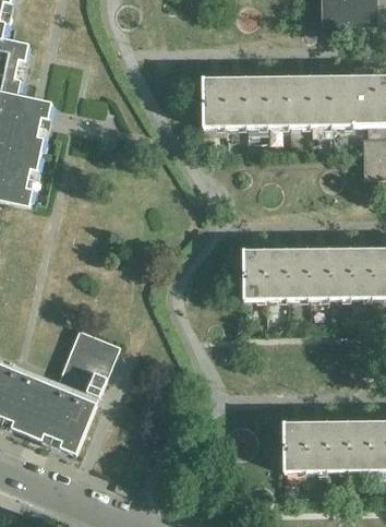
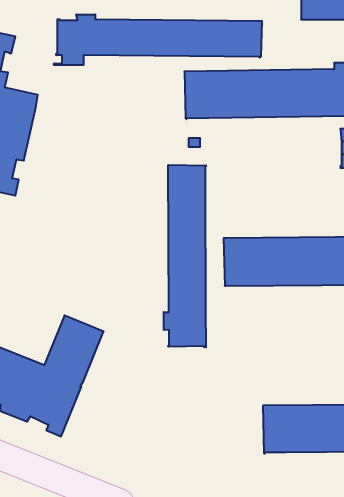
building: none -> [54,14,262,65]
building: none -> [164,165,206,347]

